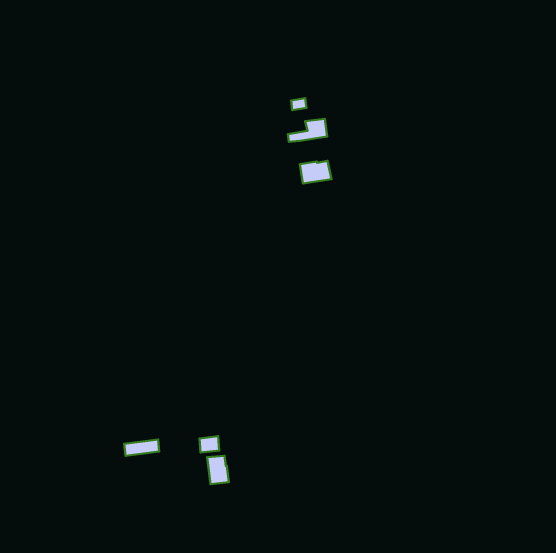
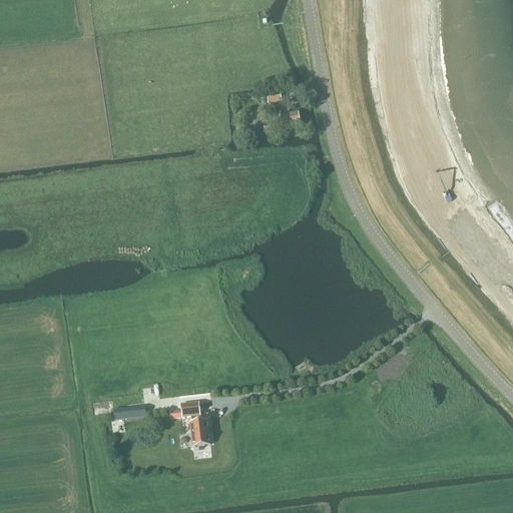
building: [300,161,331,184] -> none

